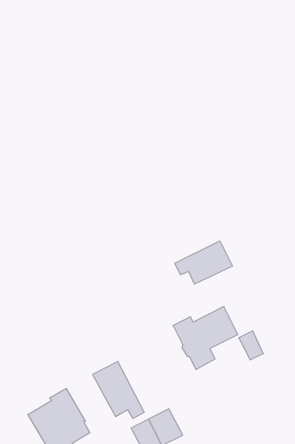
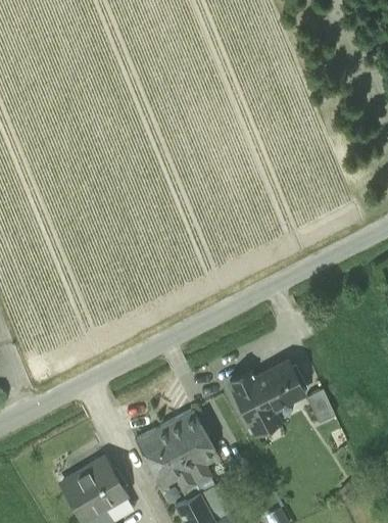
building: [175,241,232,284] -> none
building: none -> [165,410,221,484]

